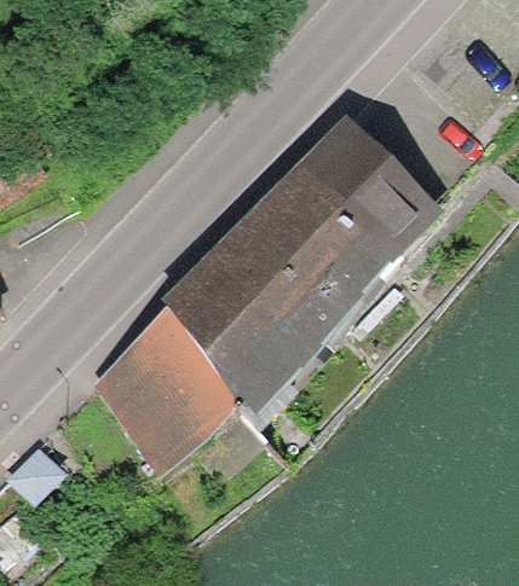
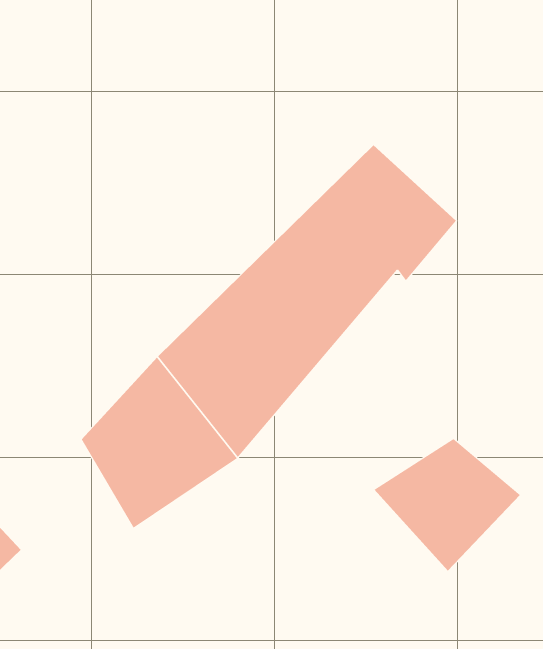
building: none -> [374,438,521,571]

